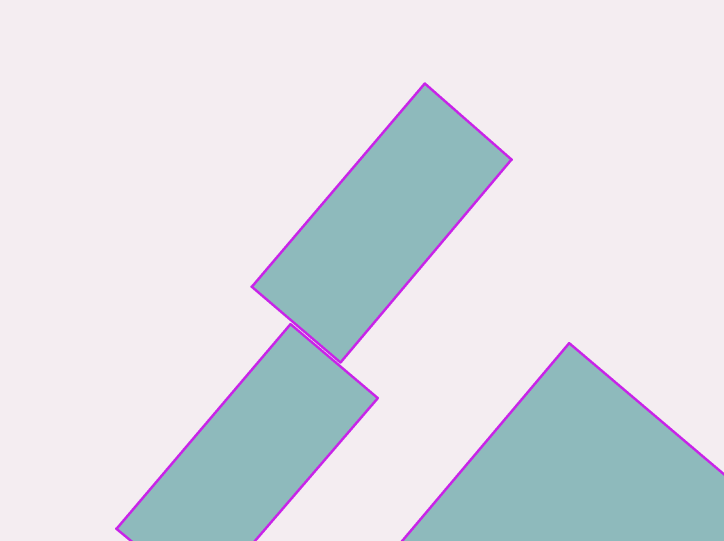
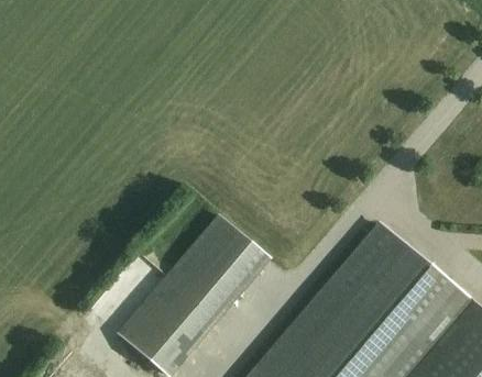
building: [252,84,512,362] -> none

